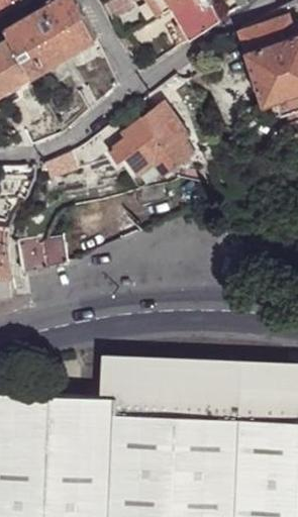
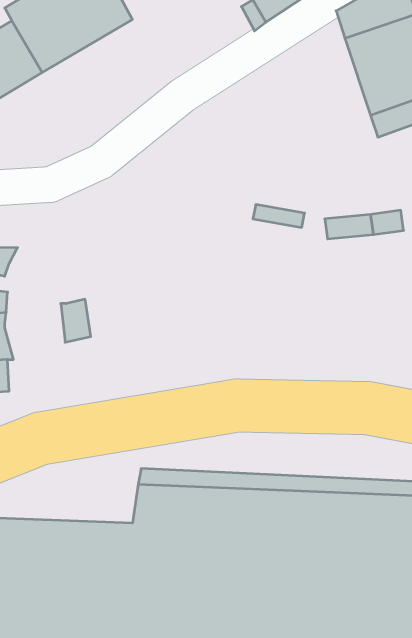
building: [108,101,195,178] -> none
building: [17,238,48,272] -> none

